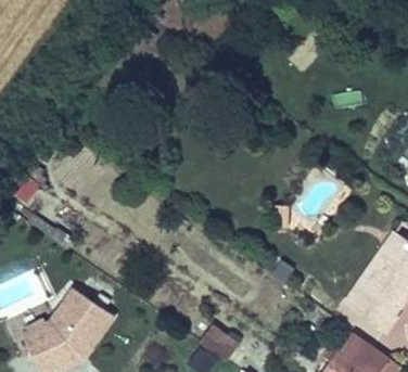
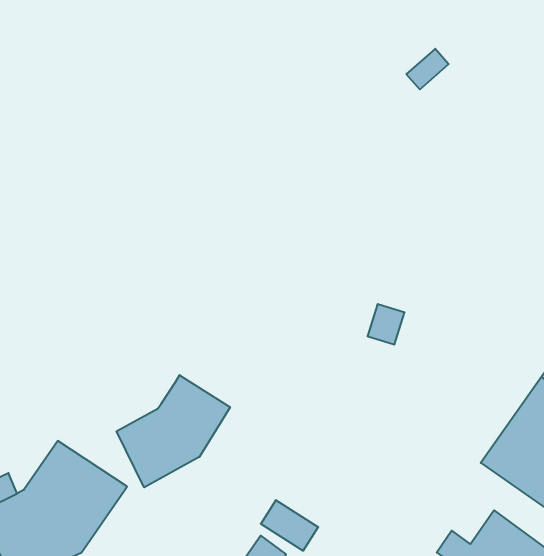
building: none -> [117,375,230,487]

